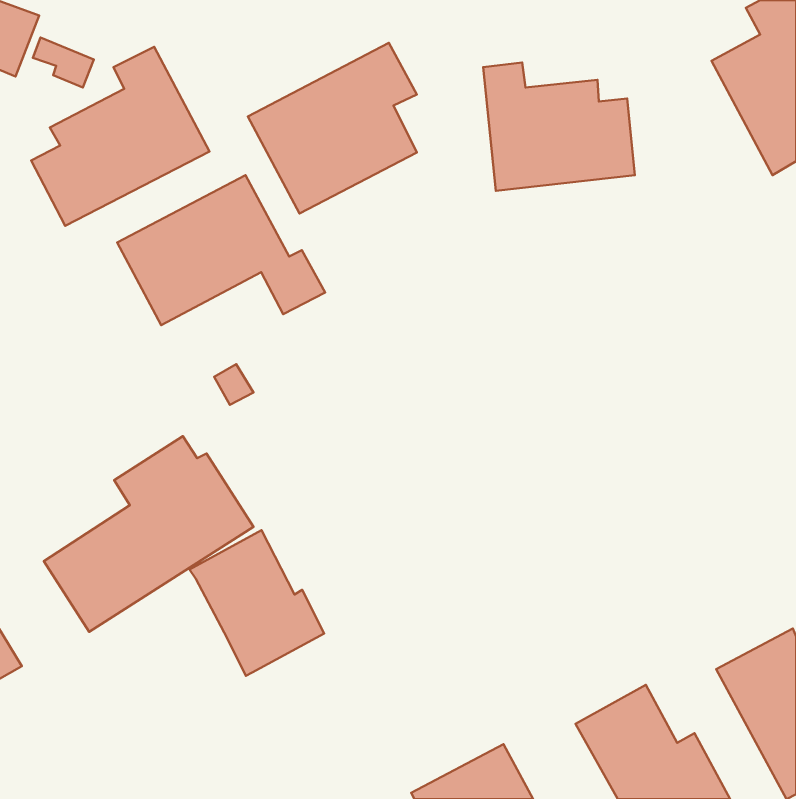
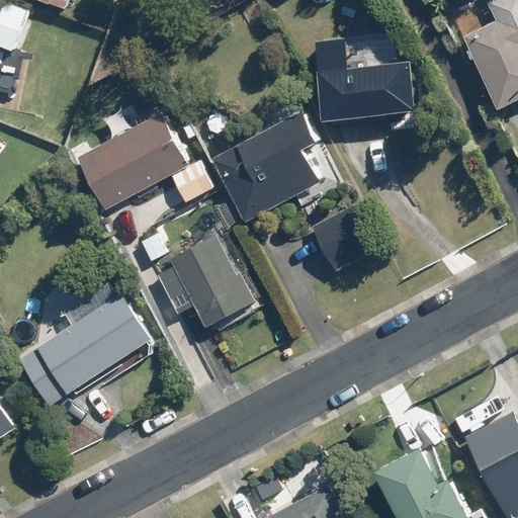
building: [248,43,417,213] -> [222,112,331,223]
building: [31,47,209,226] -> none
building: none -> [309,207,371,272]
building: [190,530,324,676] -> [167,236,254,330]

